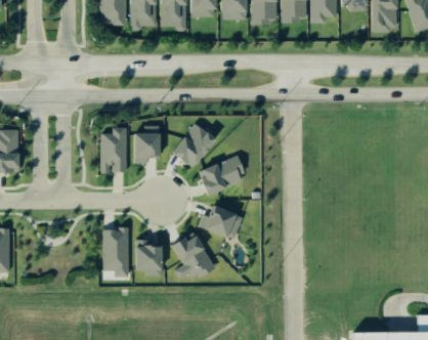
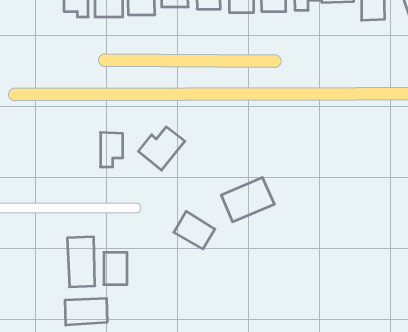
building: [101,129,127,171] -> none
building: [197,154,246,195] -> [221,177,275,222]
building: [172,235,212,279] -> none
building: none -> [65,298,107,325]

